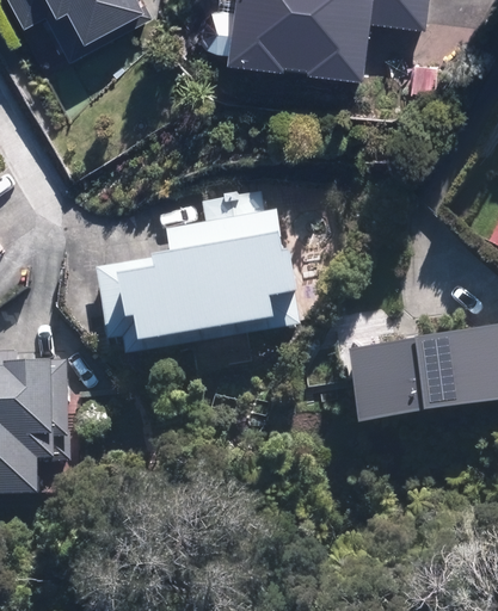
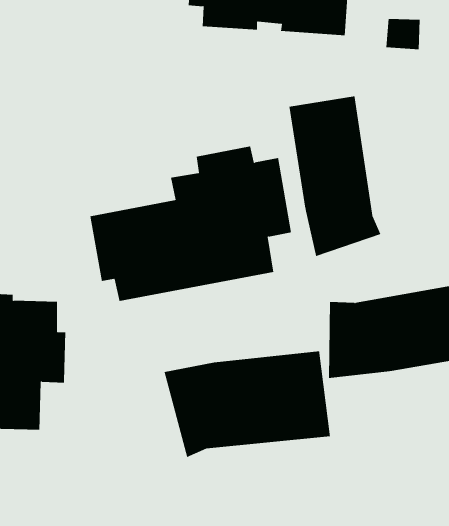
building: none -> [289,95,381,257]
building: none -> [164,350,330,458]

